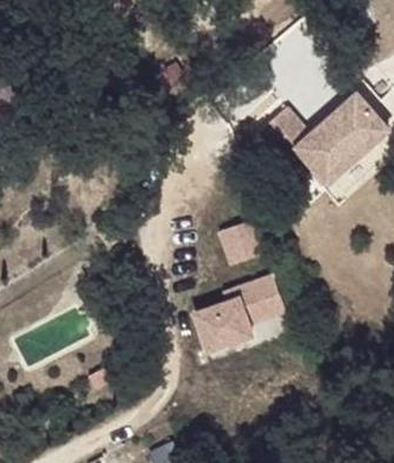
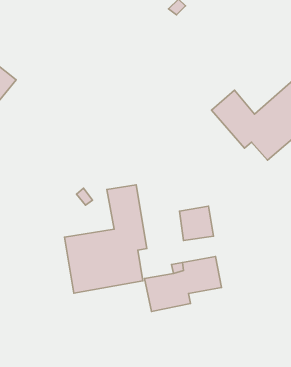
building: none -> [65,185,147,293]

